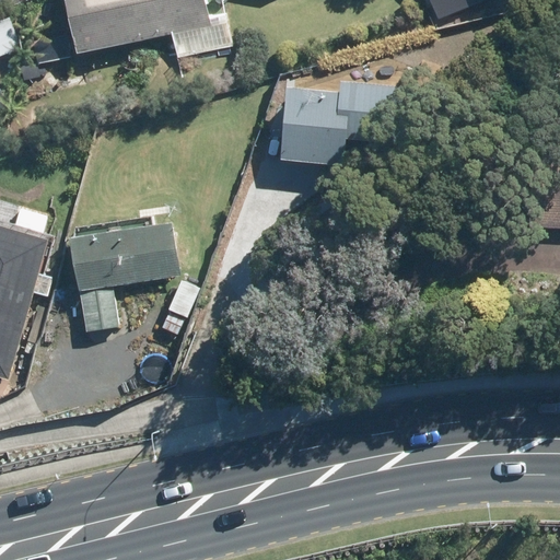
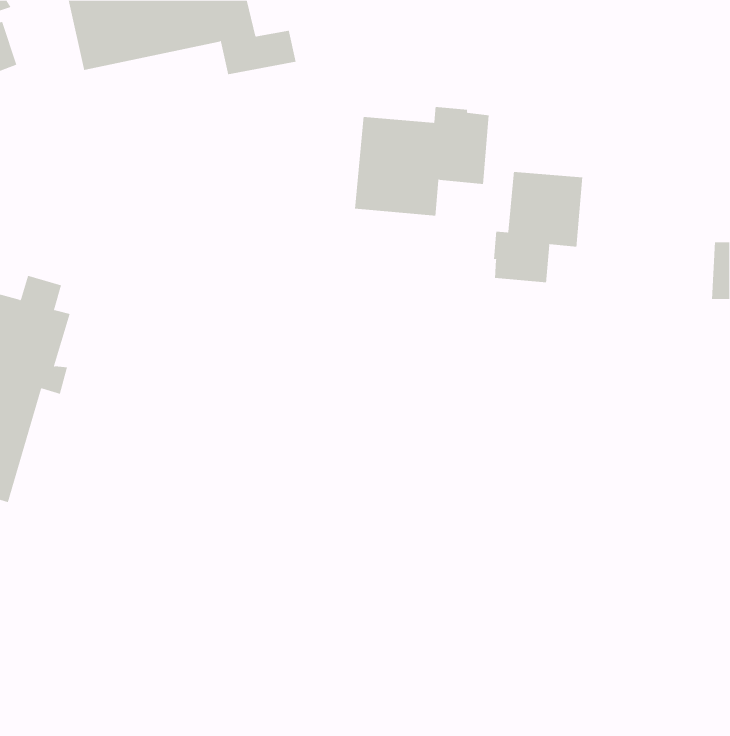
building: none -> [493,171,583,283]
building: [72,220,191,335] -> none

